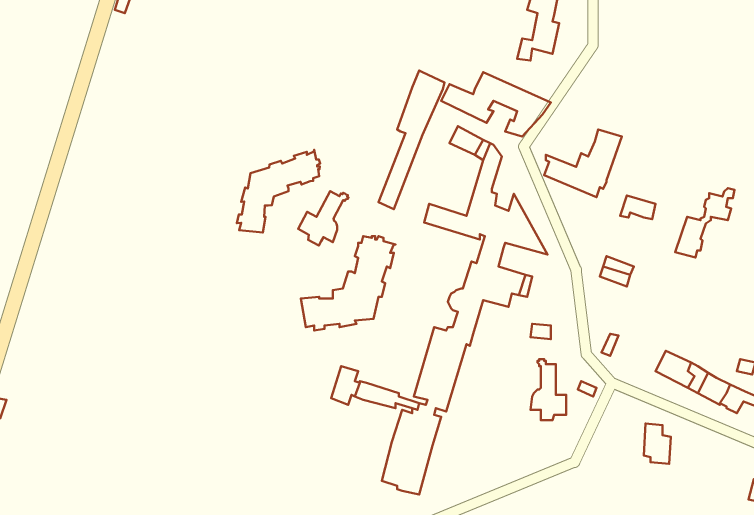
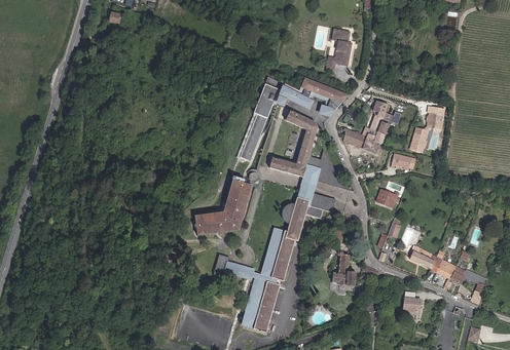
building: [237,150,320,232] -> none
building: [675,188,734,257] -> [409,110,445,152]
building: [298,191,349,246] -> none

